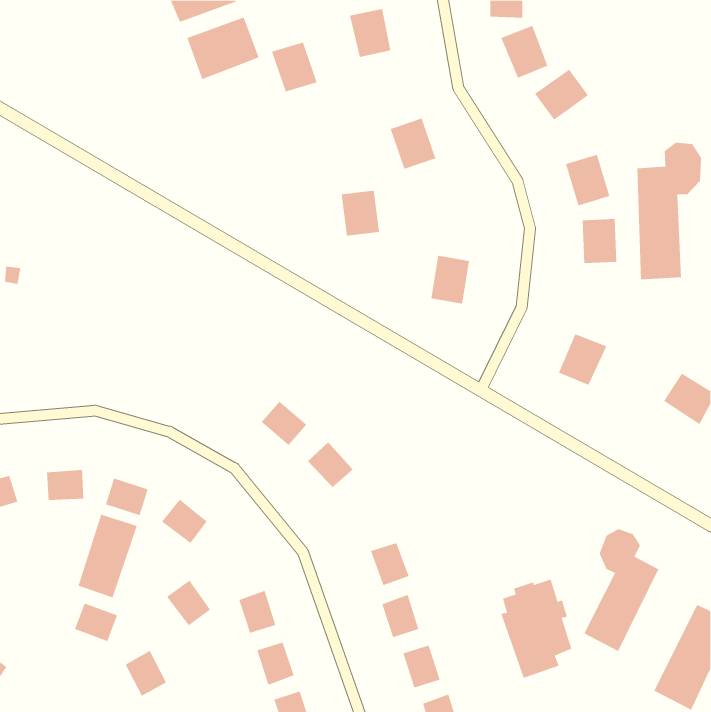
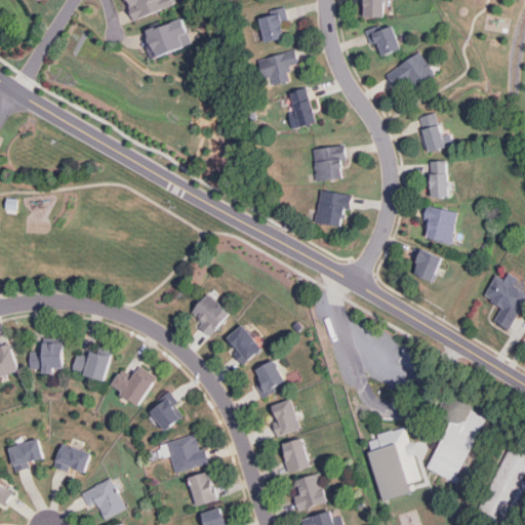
building: [271,42,318,92] -> [258,51,292,88]
building: [637,142,702,280] -> none
building: [341,190,380,236] -> [310,147,338,180]
building: none -> [425,206,455,242]
building: none -> [253,359,283,392]
building: [78,514,137,598] -> none
building: [166,580,211,626] -> [149,397,181,431]
building: none -> [8,440,40,468]

